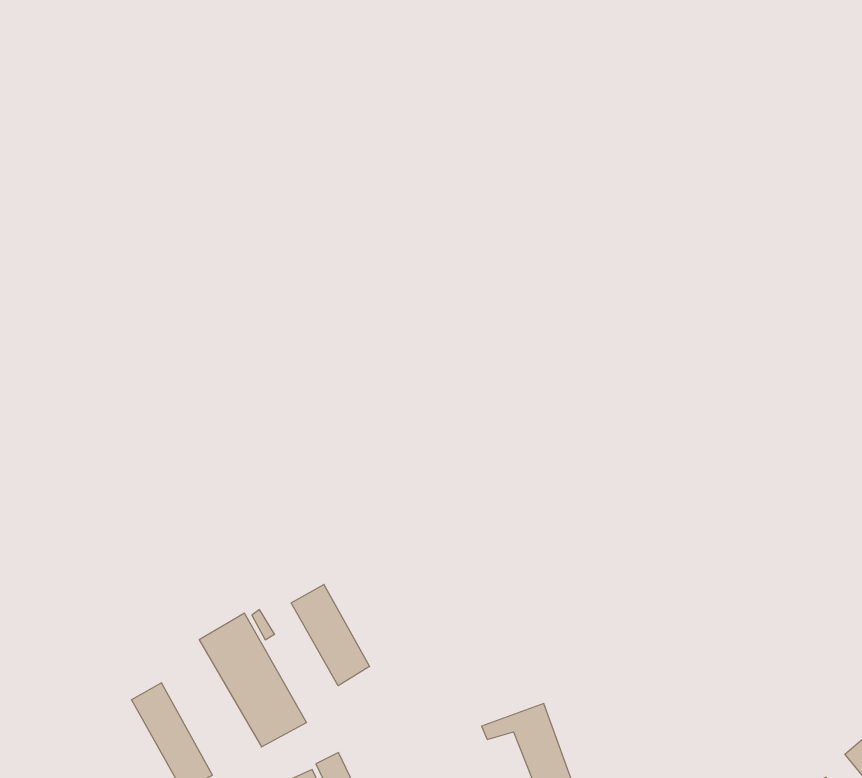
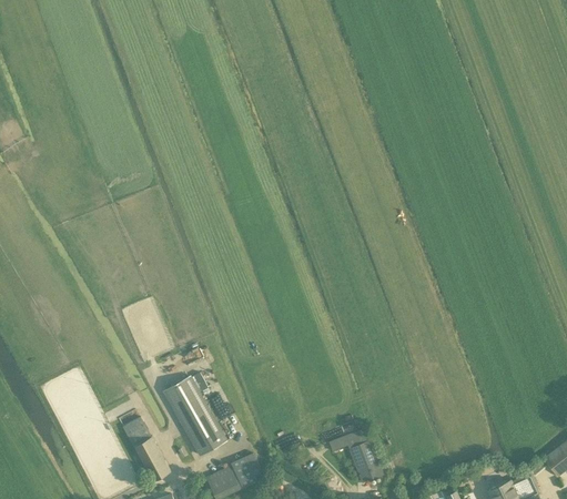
building: [291,584,370,686] -> none

